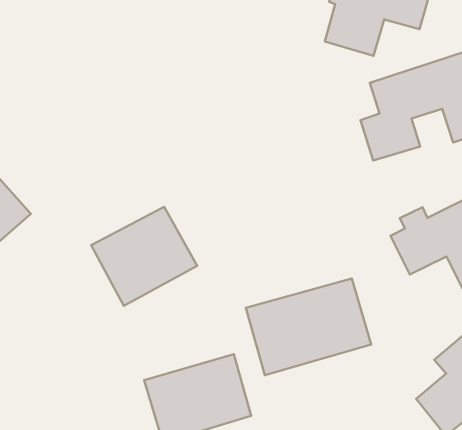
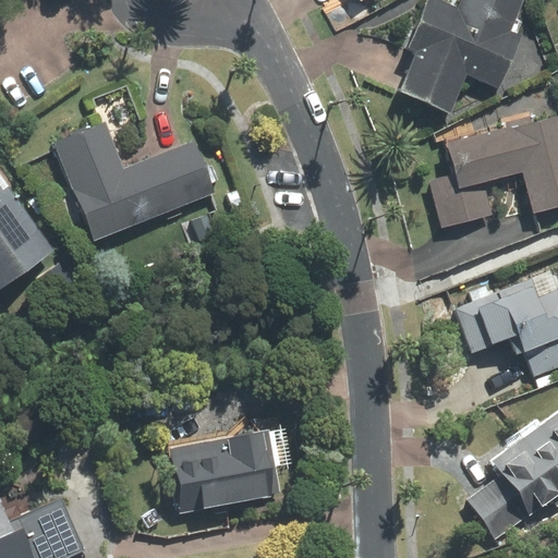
building: none -> [52,118,214,240]
building: [91,207,197,306] -> none
building: [246,279,371,375] -> none

